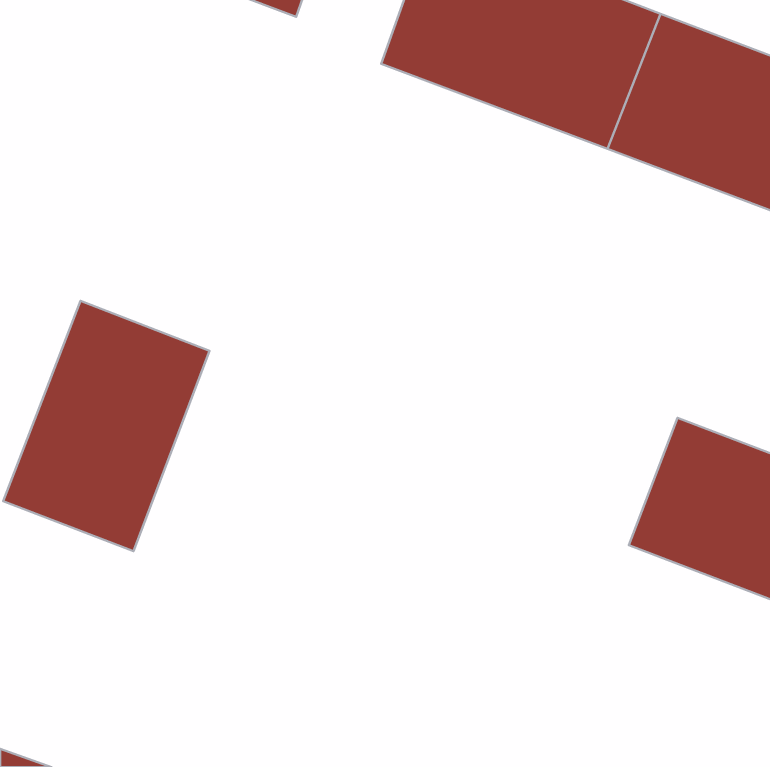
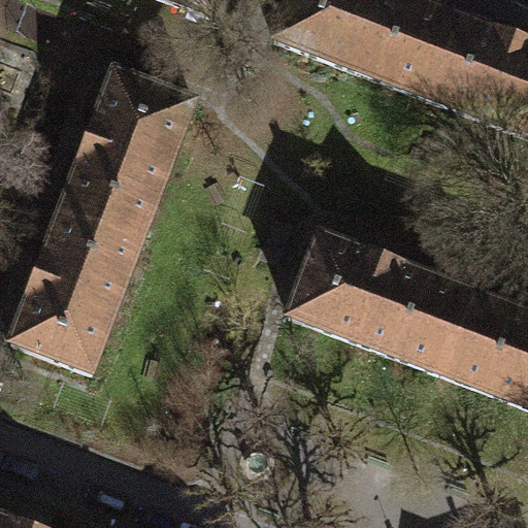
building: none -> [59,68,199,238]
building: none -> [277,225,464,370]

